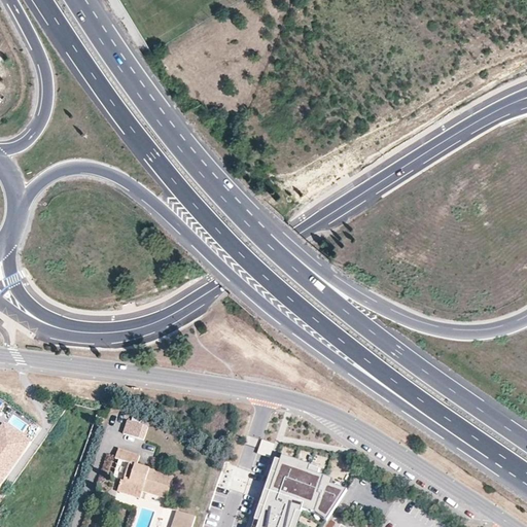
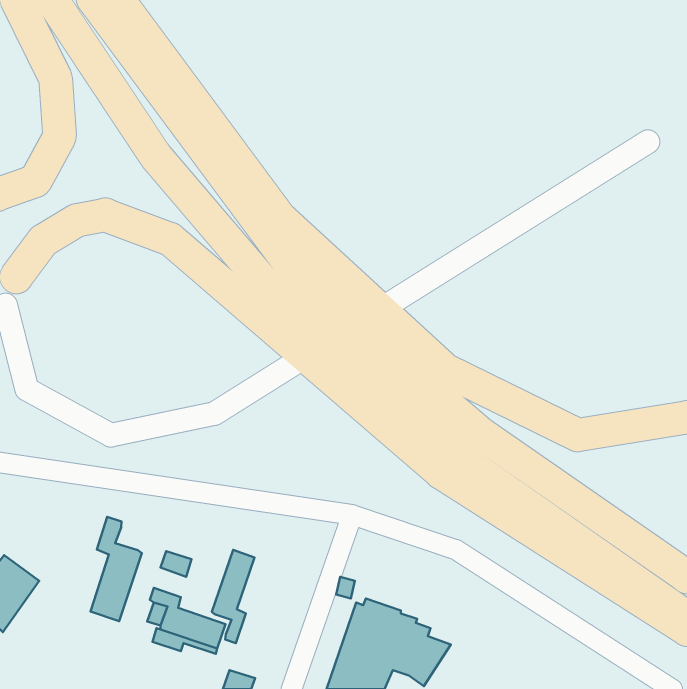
building: none -> [90,517,142,621]
building: none -> [212,550,255,643]

